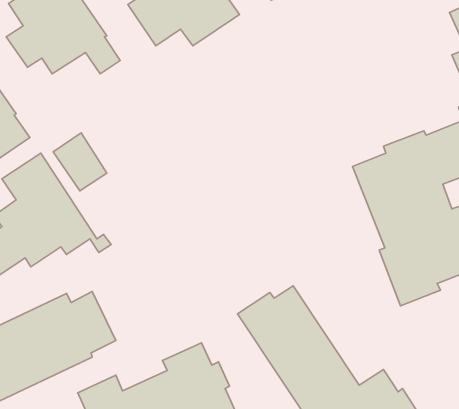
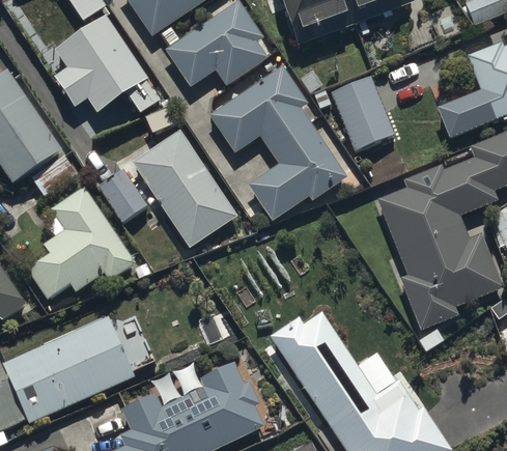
building: none -> [209,65,348,219]
building: none -> [329,75,394,150]
building: none -> [132,130,238,249]

